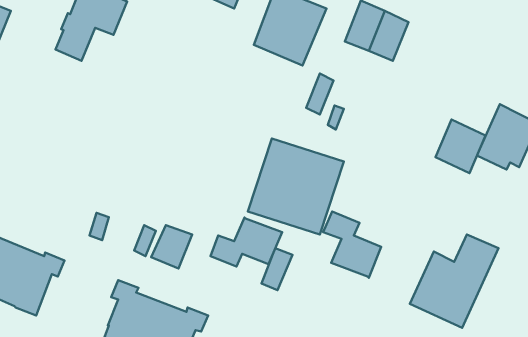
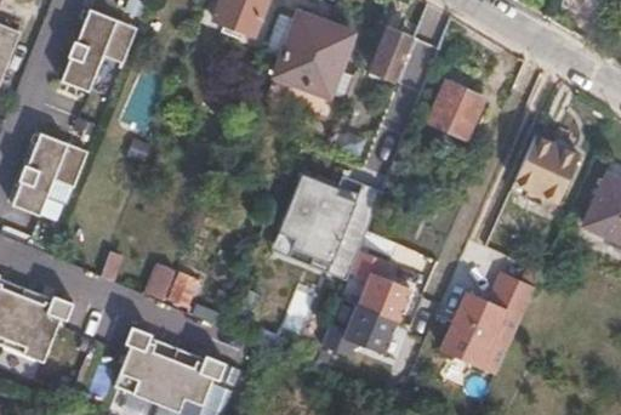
building: none -> [13,131,90,215]
building: [435,120,486,173] -> [429,80,483,137]
building: [210,217,282,266] -> [319,303,395,356]

